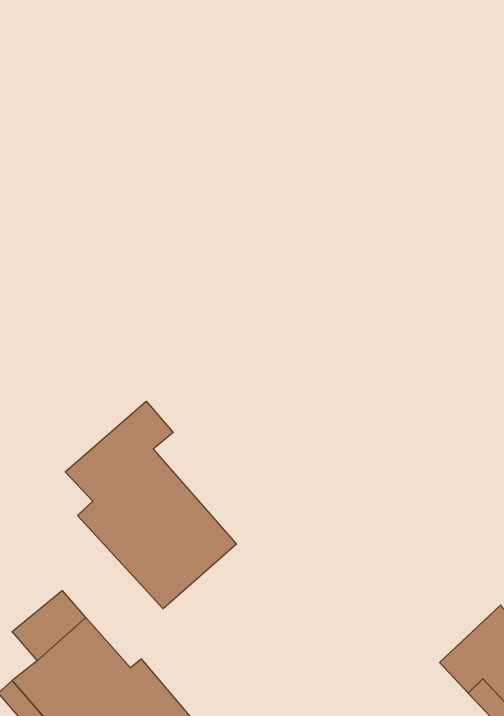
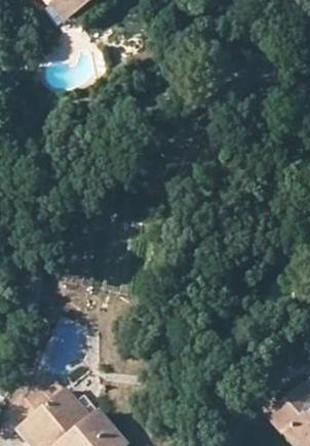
building: [65,401,236,609] -> none

